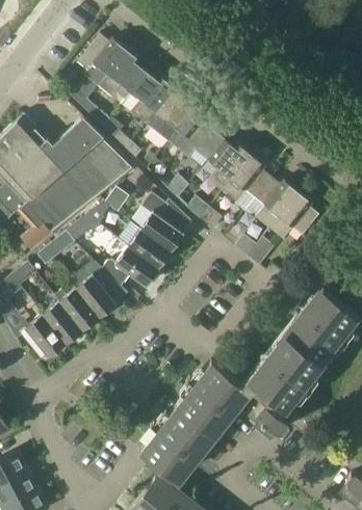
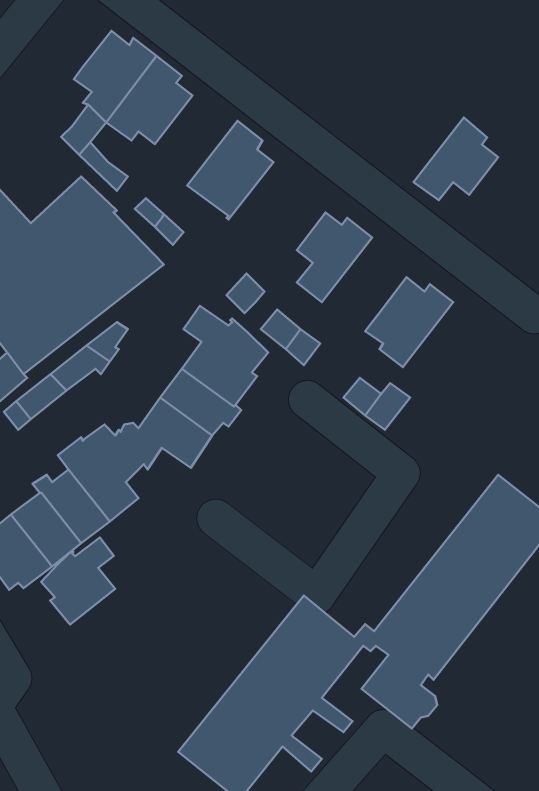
building: [122,72,174,124] -> none
building: [169,110,225,161] -> none
building: [223,154,272,202] -> [414,118,498,200]
building: [269,191,320,240] -> none
building: none -> [41,538,115,624]

